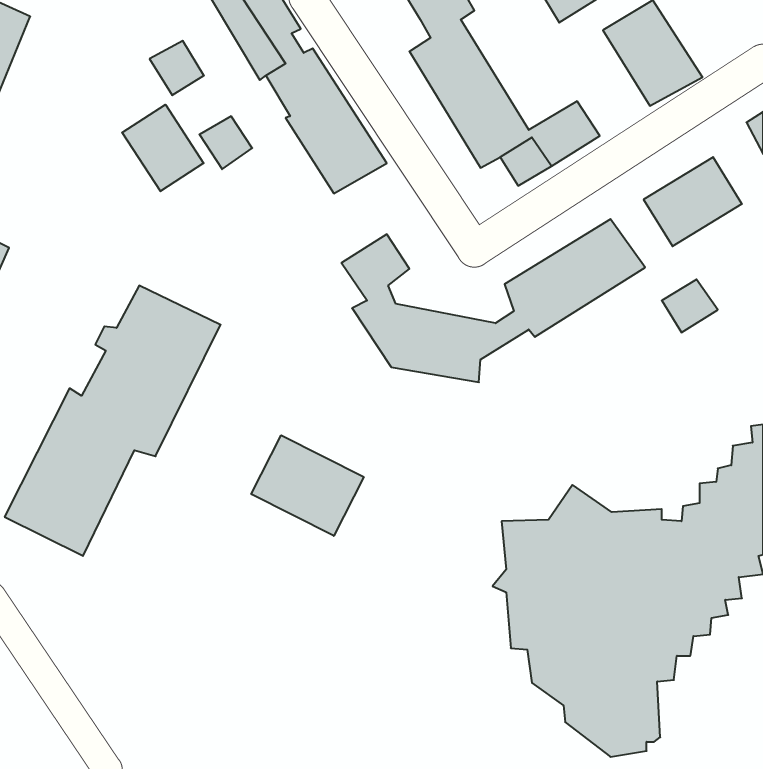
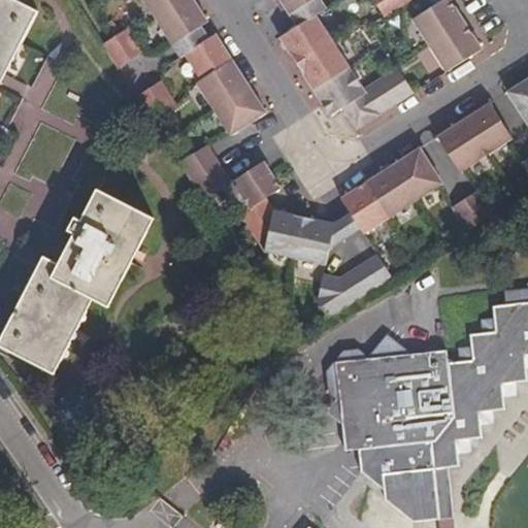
building: [122,105,204,191] -> none
building: none -> [179,142,233,196]
building: none -> [318,254,389,316]
building: [251,435,364,536] -> none

